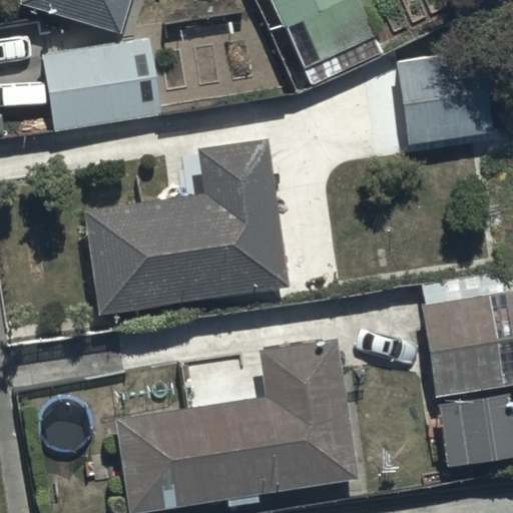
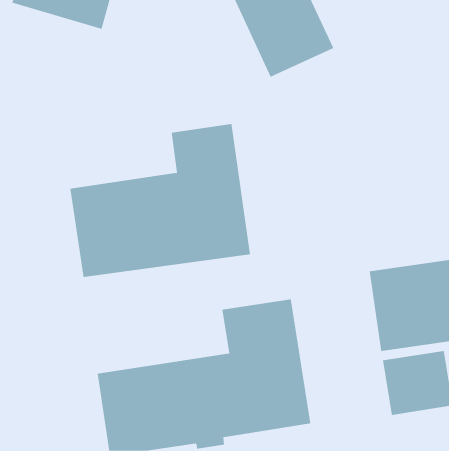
building: [42,35,163,130] -> none
building: [404,44,501,141] -> none

